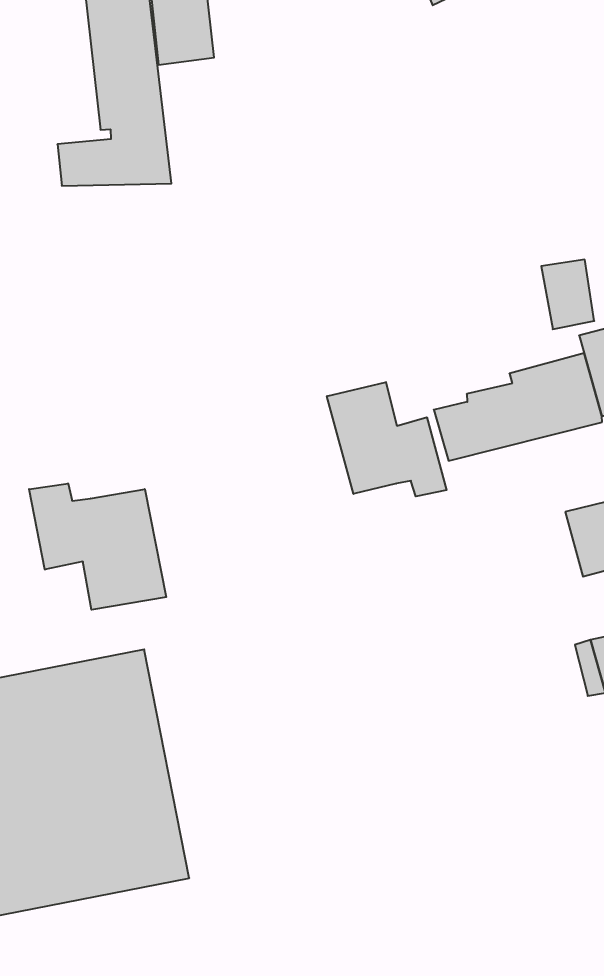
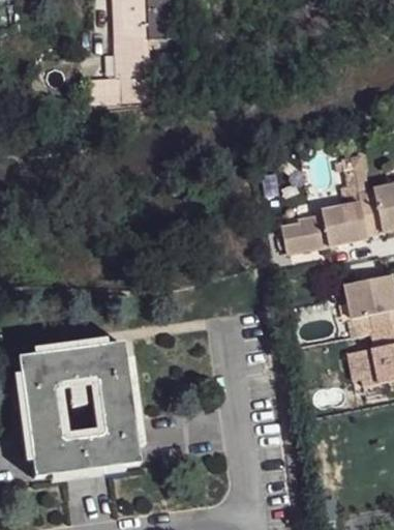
building: [327,382,447,496] -> none
building: [29,483,166,610] -> none

